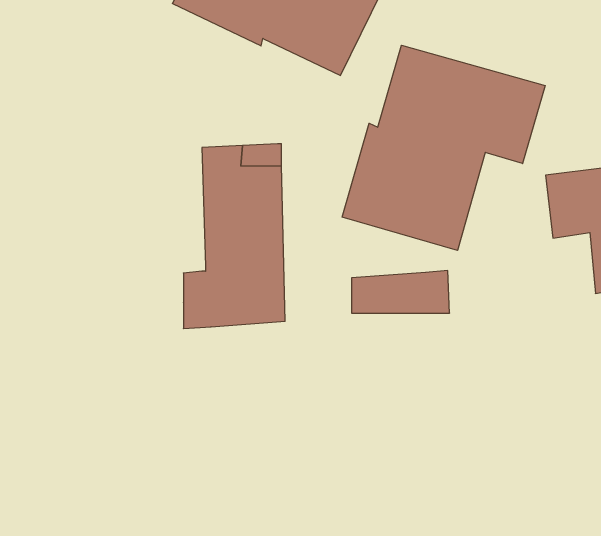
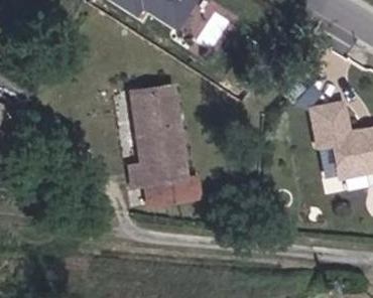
building: [342,45,545,250] -> none
building: [352,271,450,313] -> [129,178,182,201]

